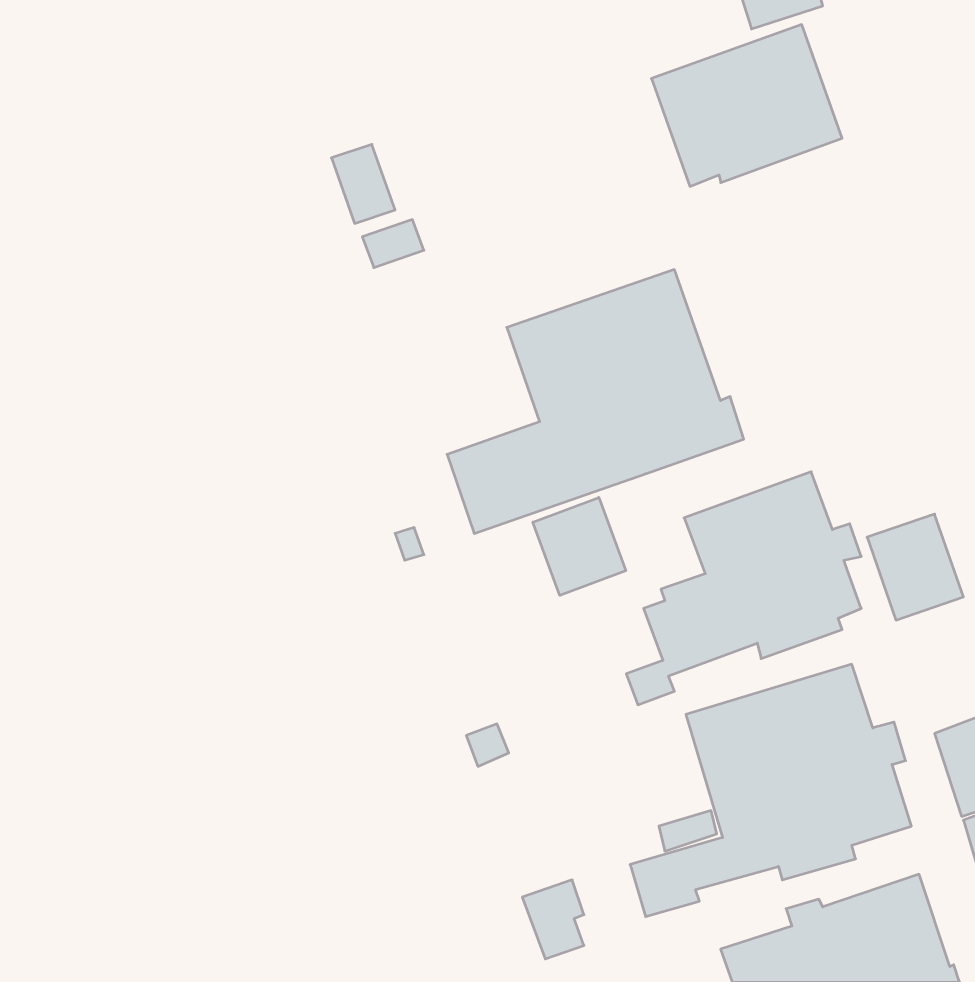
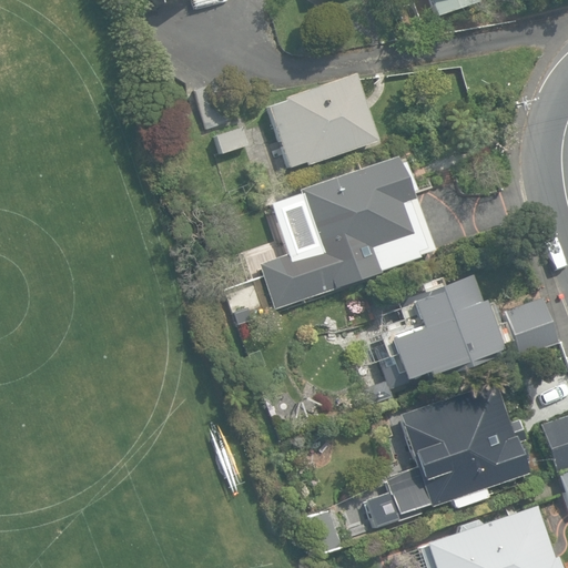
building: [651,25,842,186] -> [267,75,377,169]
building: [533,497,626,595] -> none

